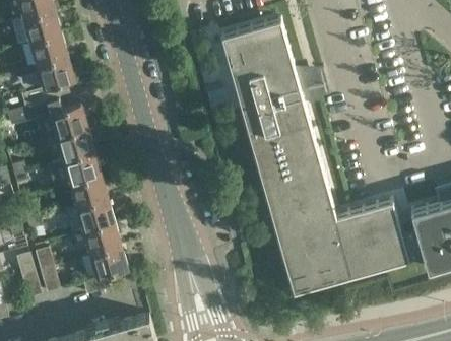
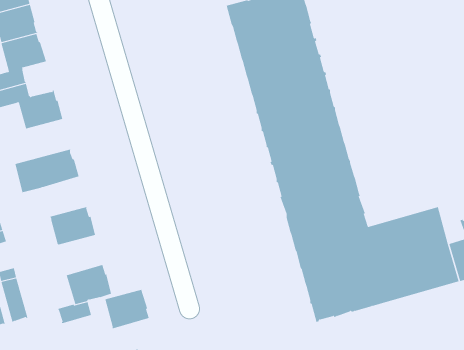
building: [58,130,94,162] -> none
building: [71,177,108,209] -> none
building: [84,224,122,257] -> [104,289,151,329]

